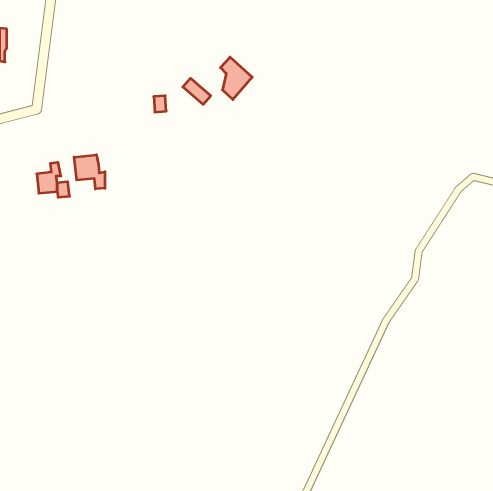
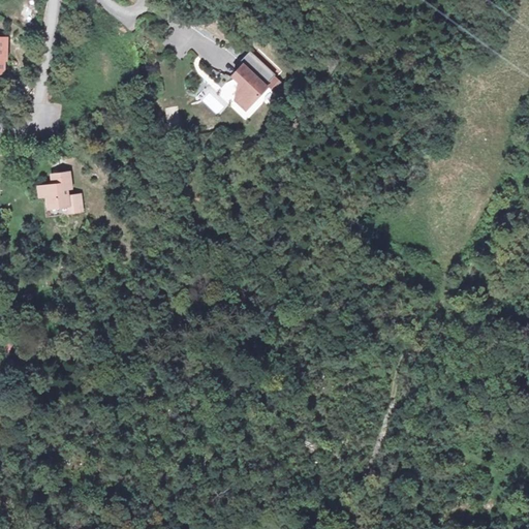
building: [74,155,105,189] -> none

